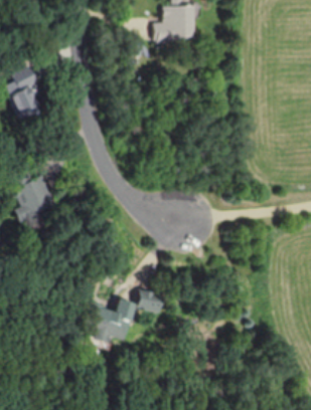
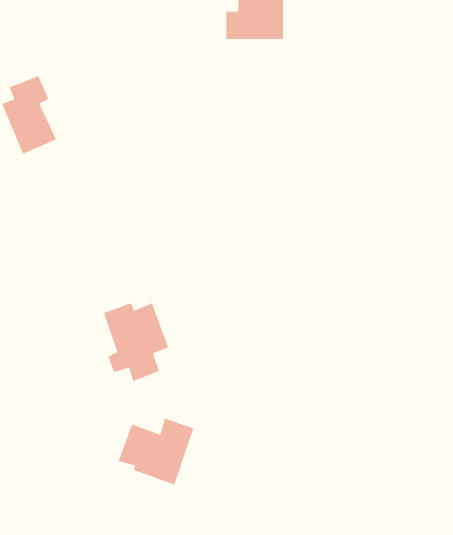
building: [10,174,54,227] -> [103,303,169,382]
building: [137,289,162,313] -> none

